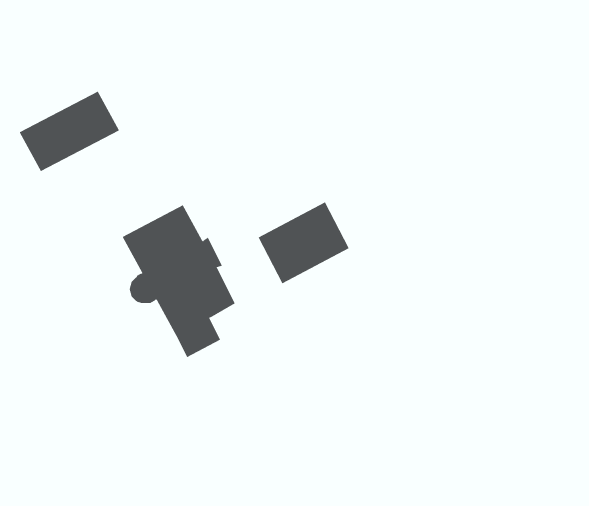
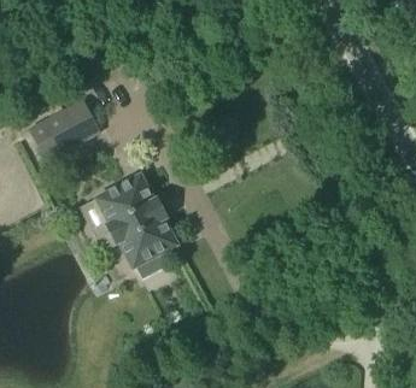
building: [258,202,349,284] -> none

